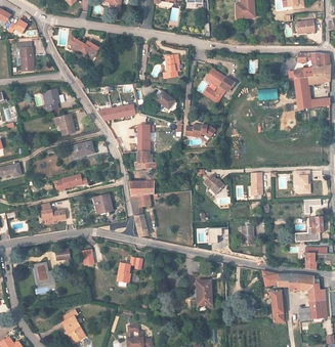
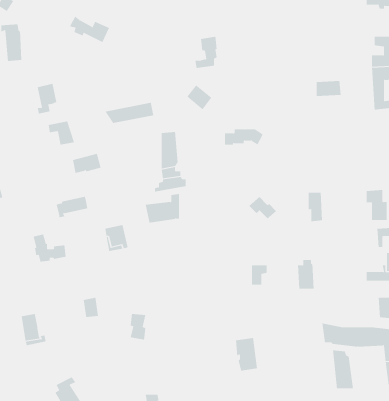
building: [206,66,238,98] -> none
building: [130,191,152,234] -> none

